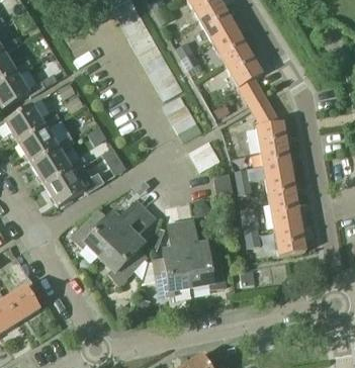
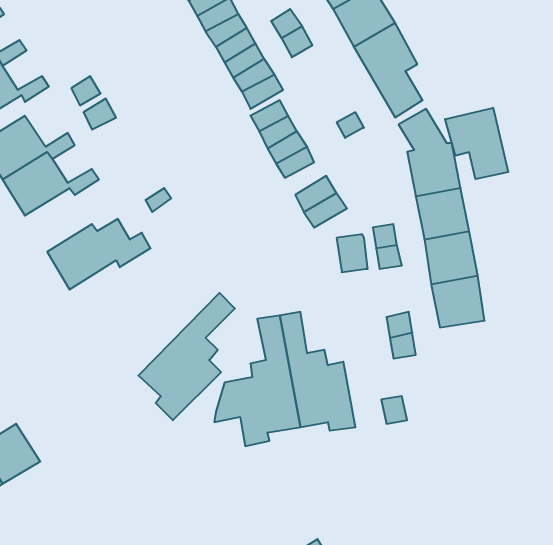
building: none -> [445,108,508,179]
building: [31,147,88,184] -> none
building: [72,200,146,257] -> none
building: [275,224,306,256] -> none

